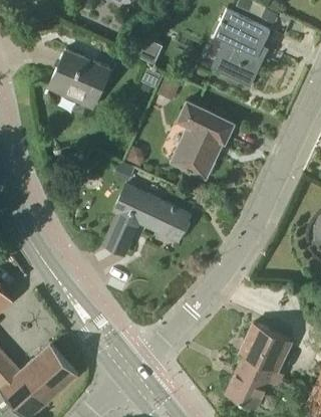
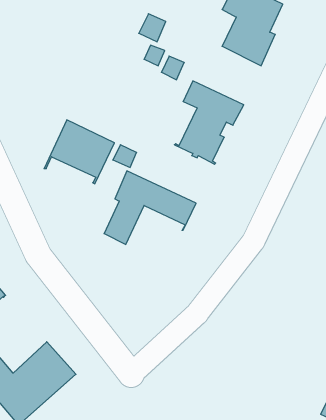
building: [45,49,110,109] -> [44,120,114,184]
building: [226,324,291,408] -> none

